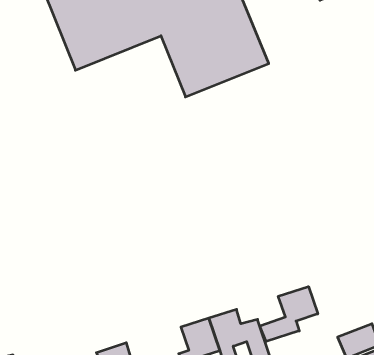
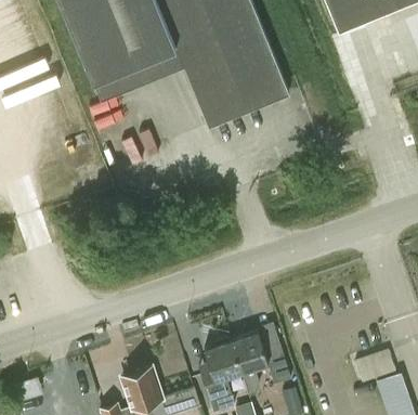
building: [260,287,318,342] -> none

